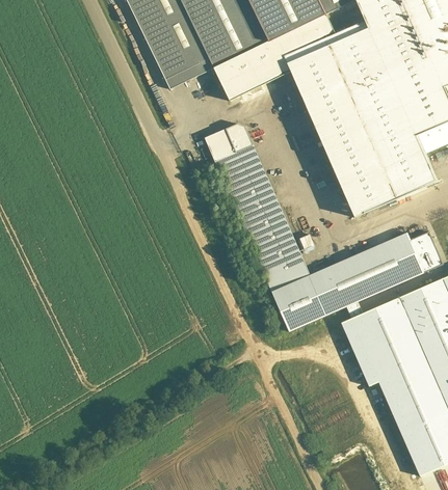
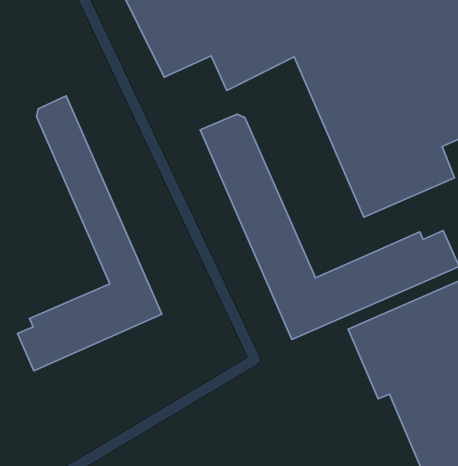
building: none -> [17,96,162,371]

